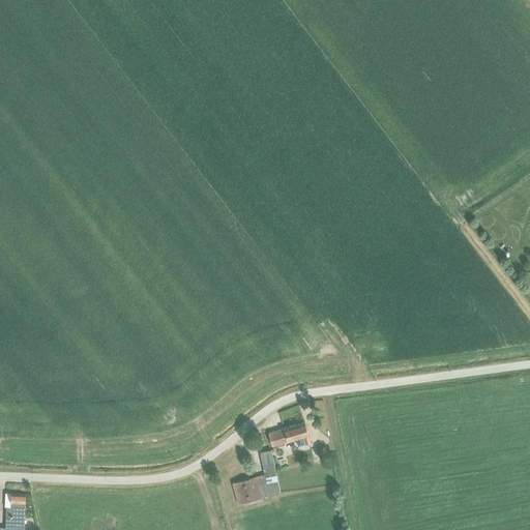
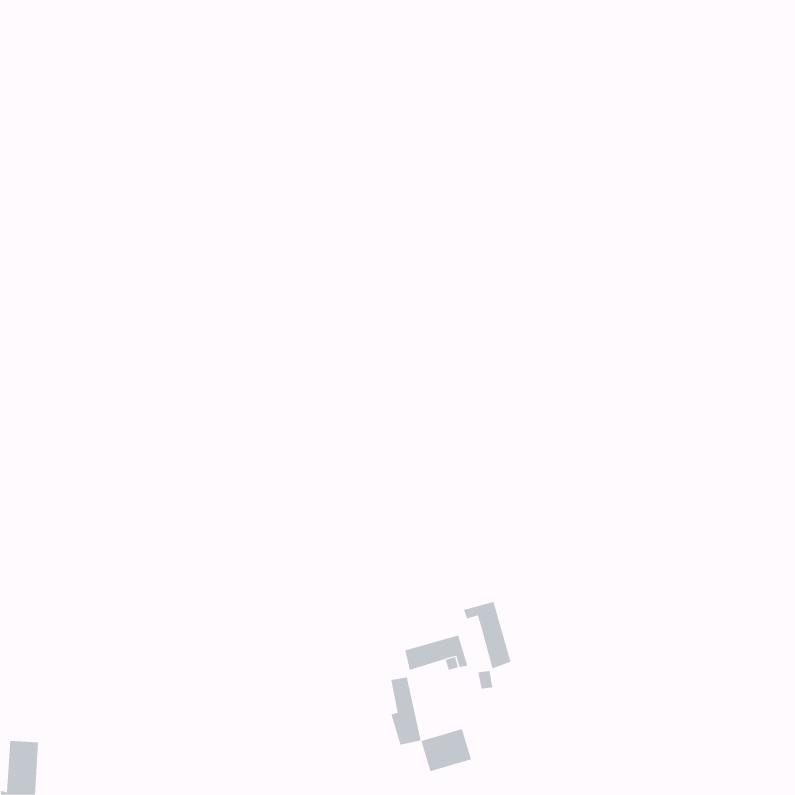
building: none -> [463,601,511,669]
building: [232,475,266,504] -> [421,728,472,772]

